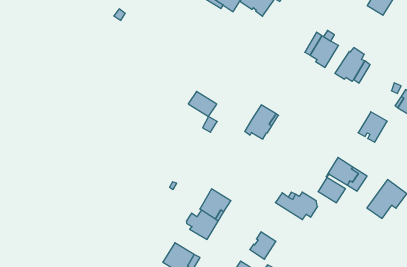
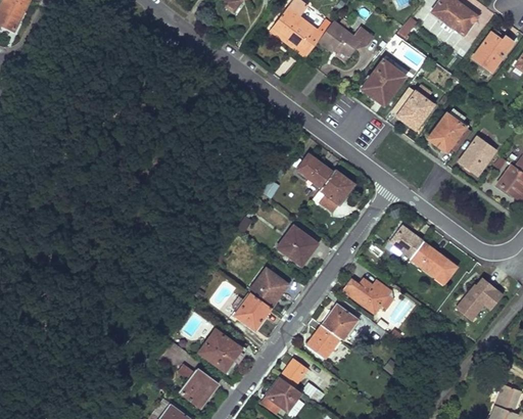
building: none -> [361,59,406,105]
building: [188,91,217,116] -> [297,155,332,187]
building: [358,112,387,142] -> [459,137,495,175]
building: none -> [277,226,318,266]
building: [318,178,345,203] -> [389,226,423,258]
building: none -> [322,305,358,340]

